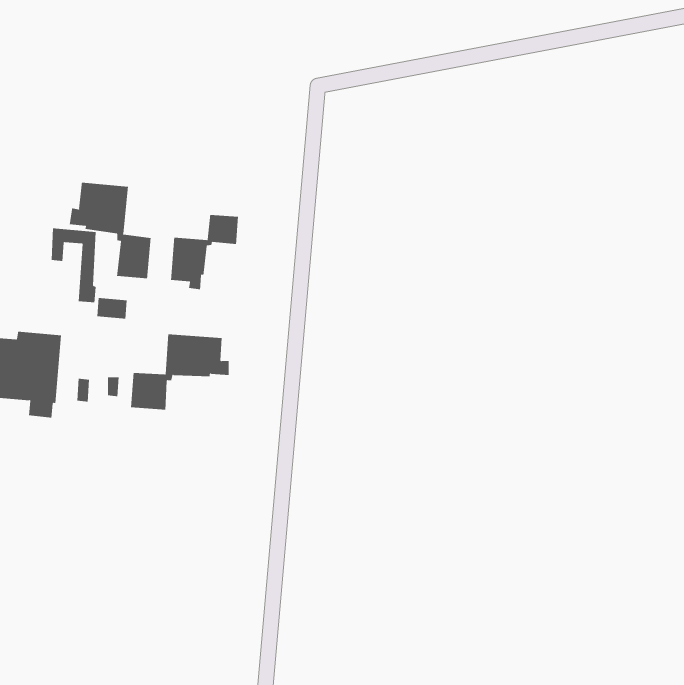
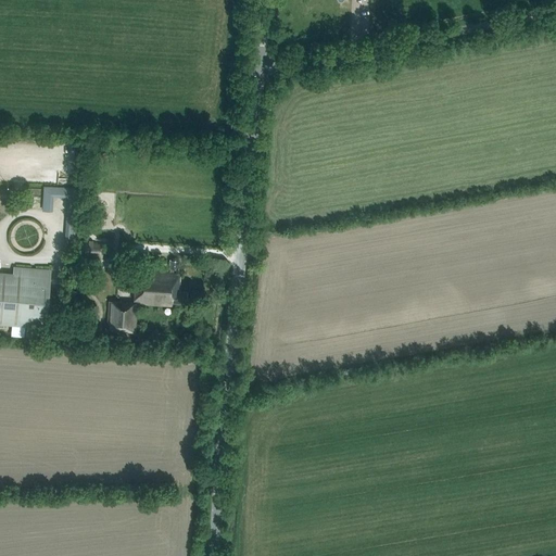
building: [69,182,151,279] -> none
building: [171,214,239,290] -> none

